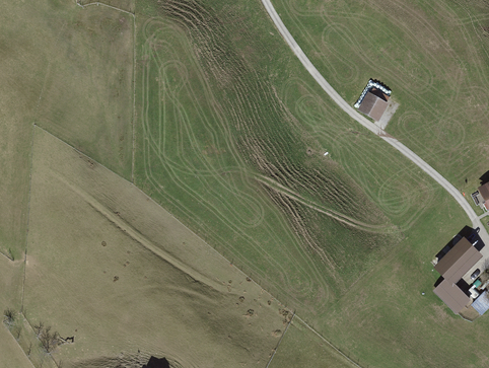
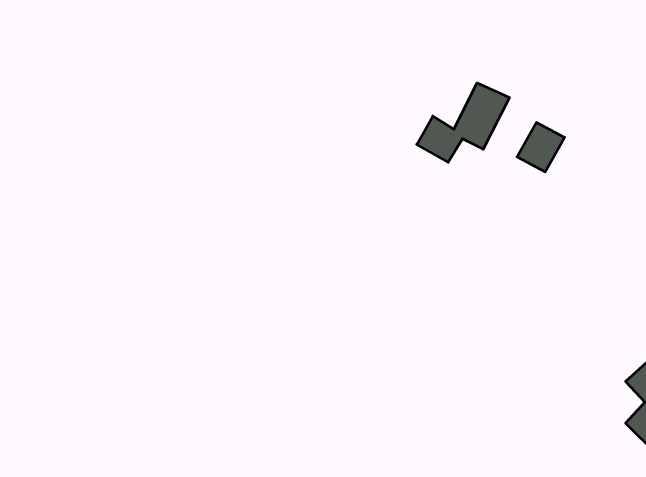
building: none -> [417,83,509,162]

